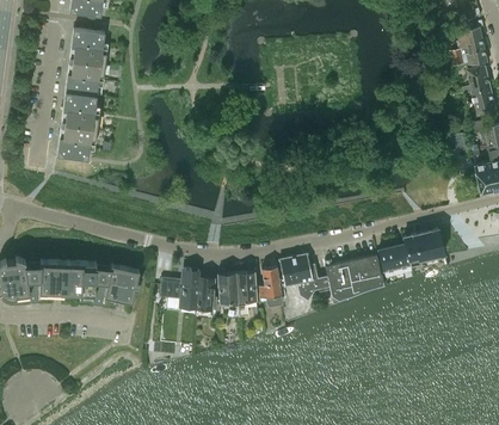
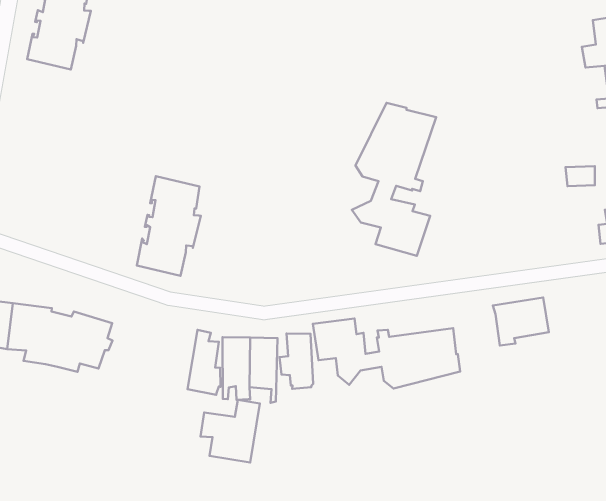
building: [56,91,98,159] -> [137,176,201,276]
building: none -> [352,103,436,256]
building: [377,242,409,271] -> none
building: [159,269,198,312] -> [201,400,260,463]

